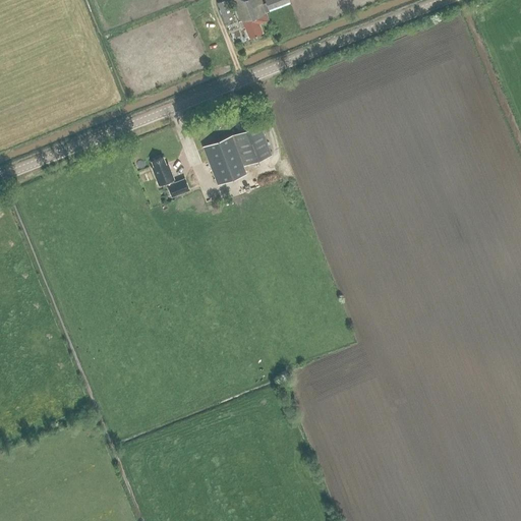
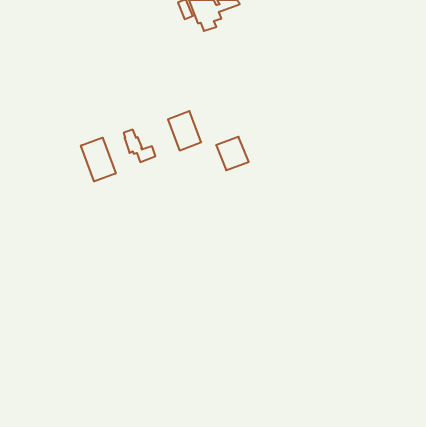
building: [233,124,273,165] -> [216,137,249,170]
building: none -> [81,138,116,181]

